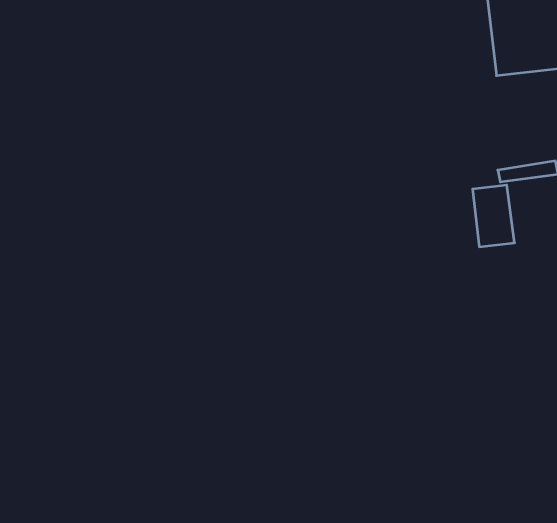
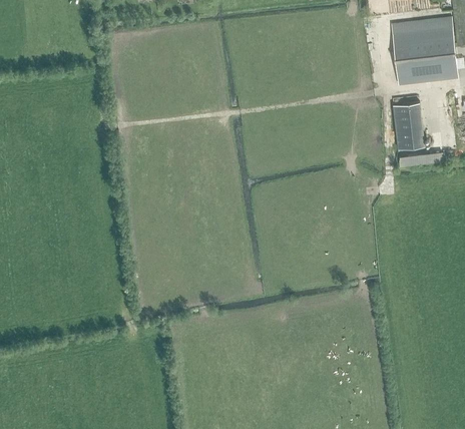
building: [473,185,515,247] -> [393,103,425,150]

